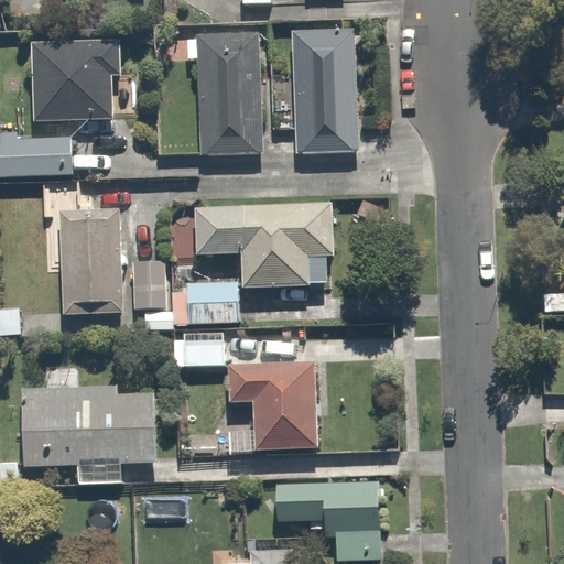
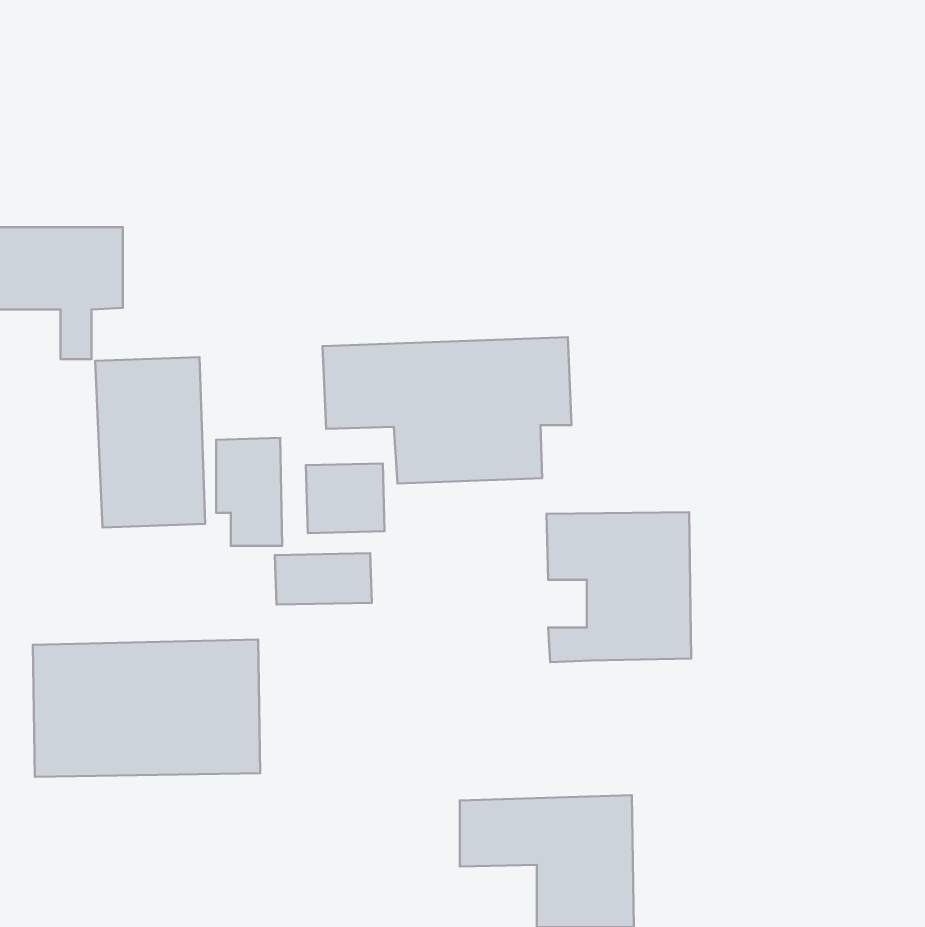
building: [294,30,352,153] -> none
building: [185,32,265,149] -> none
building: [26,44,118,120] -> none
building: [228,361,315,452] -> [546,512,691,662]

